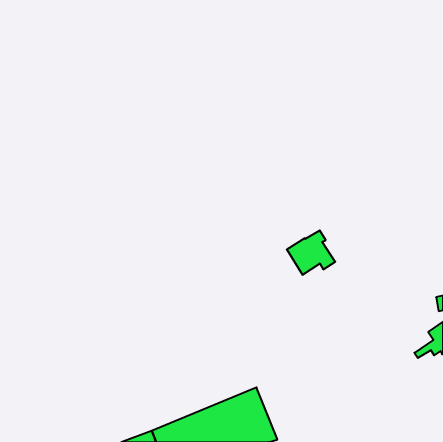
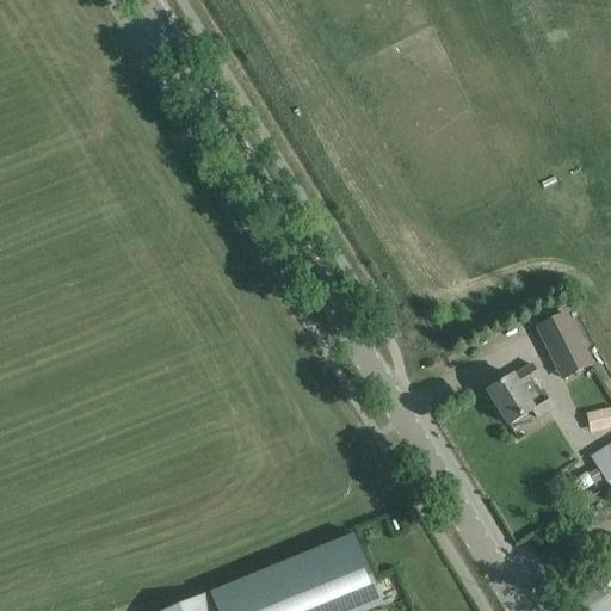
building: none -> [535,310,593,379]
building: [287,230,335,275] -> [487,364,554,425]

